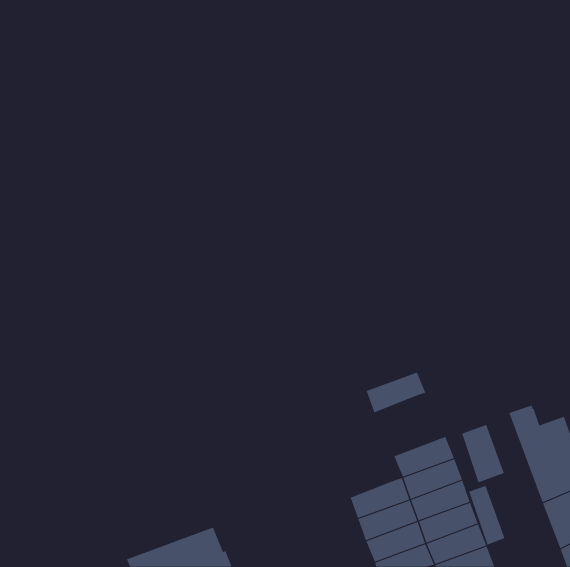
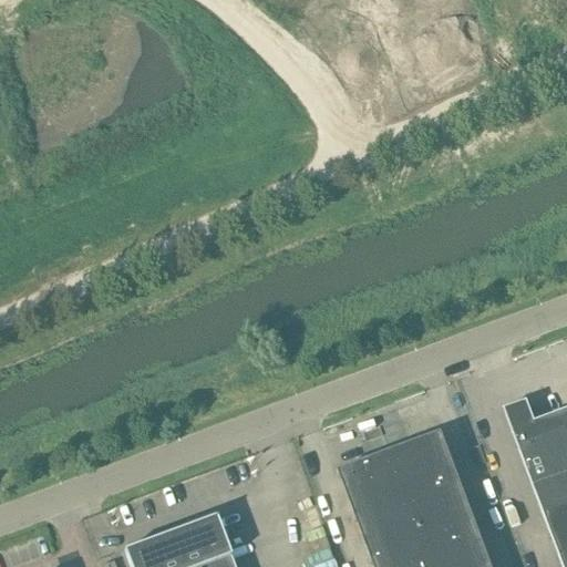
building: [366,372,426,413] -> [340,452,400,493]
building: [461,424,504,483] -> none
building: [468,485,505,545] -> none

